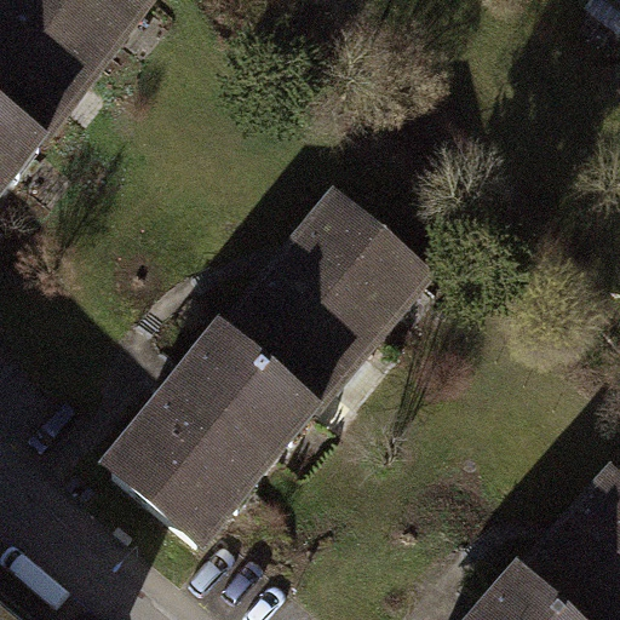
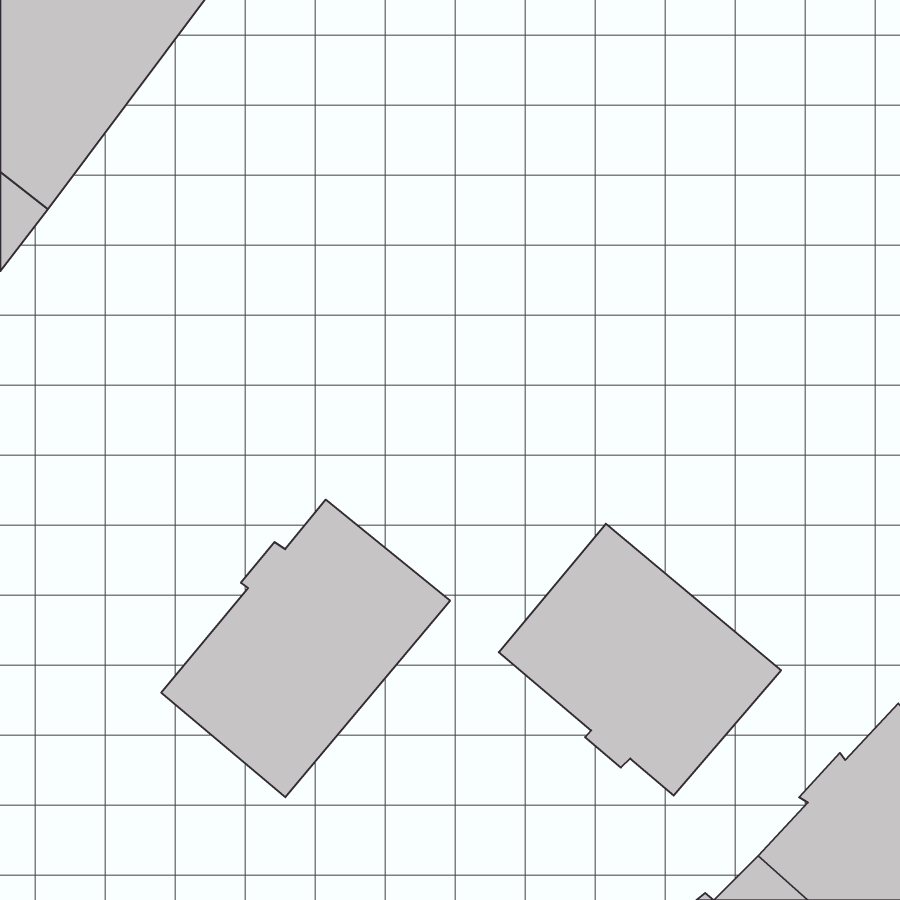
building: [226,206,425,411] -> none
building: none -> [499,524,781,796]

